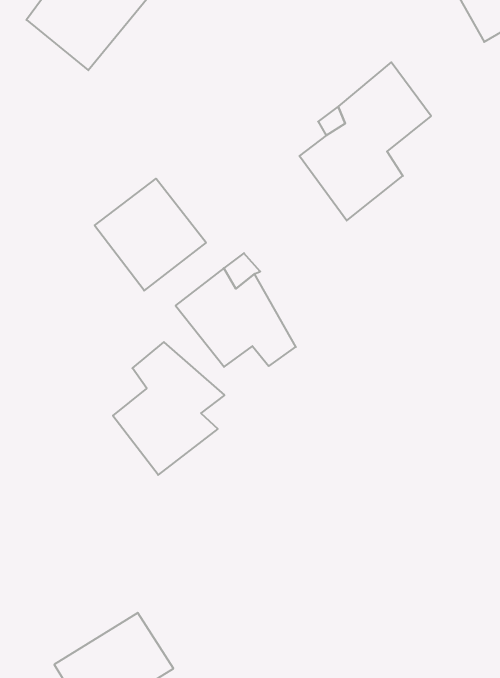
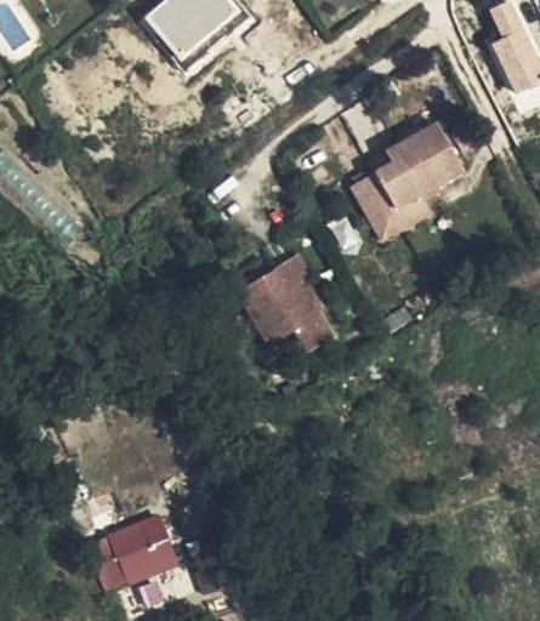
building: [95,179,206,291] -> none
building: [113,342,224,475] -> none

